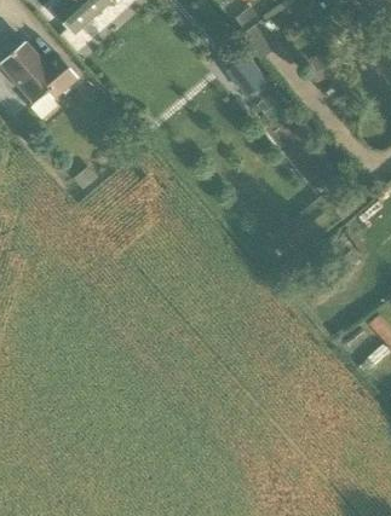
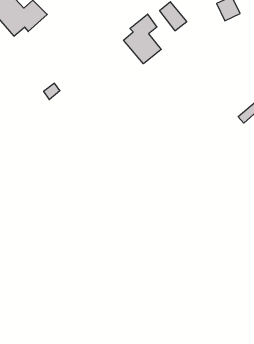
building: none -> [124,14,161,64]

